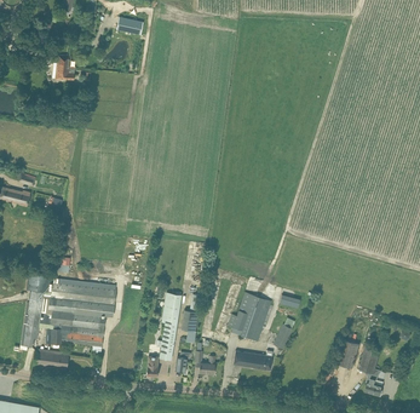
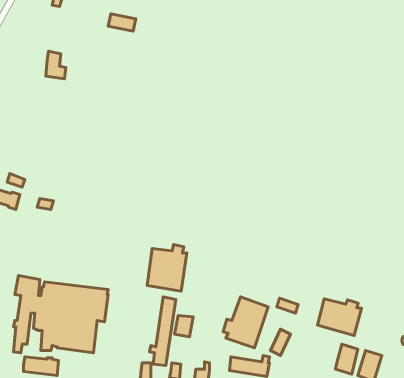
building: none -> [147,245,187,291]
building: none -> [317,299,362,336]

